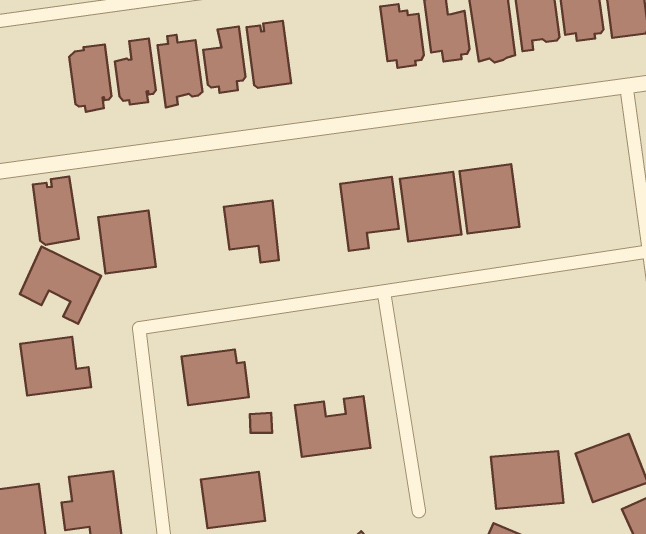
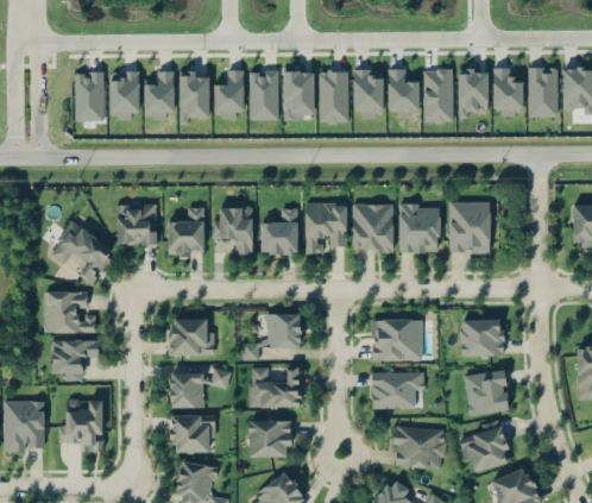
building: none -> [320,69,349,125]
building: none -> [284,73,314,121]
building: none -> [449,202,490,253]
building: [33,177,79,245] -> [75,73,105,122]
building: none -> [262,209,296,254]
building: none -> [169,209,203,253]
building: none -> [460,320,503,357]
building: none -> [371,319,421,360]
building: none -> [243,314,301,359]
building: none -> [465,371,509,415]
building: none -> [371,372,423,409]
building: none -> [52,341,99,381]
building: none -> [169,373,204,408]
building: none -> [248,420,292,458]

